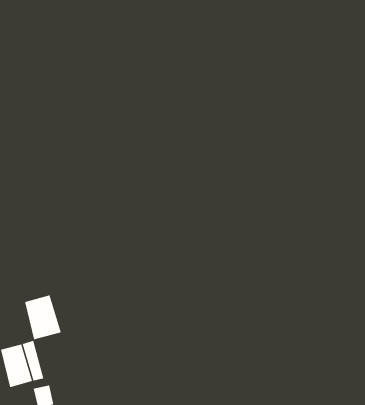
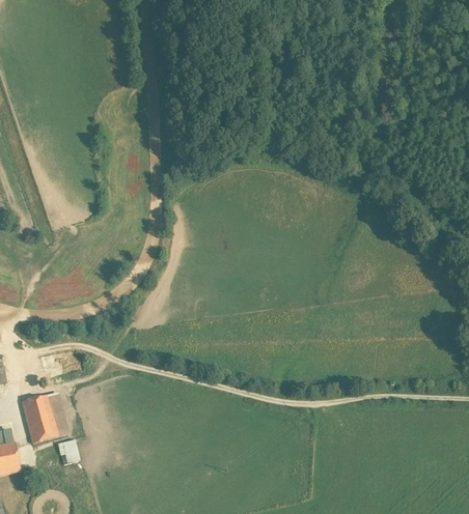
building: [24,294,62,340] -> none

